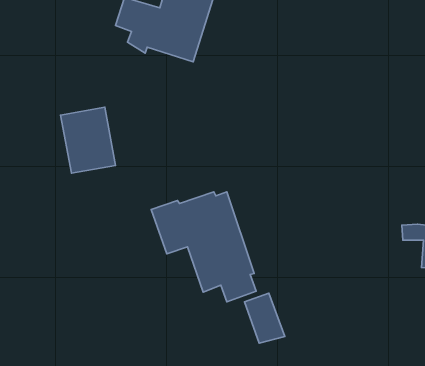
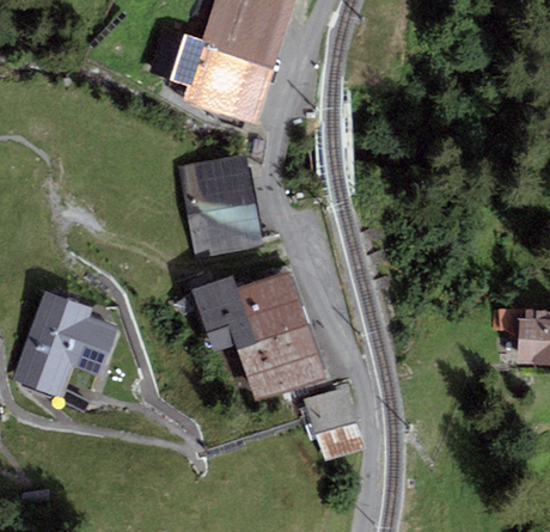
building: [61,107,116,173] -> [185,169,252,249]
building: none -> [19,296,108,389]

